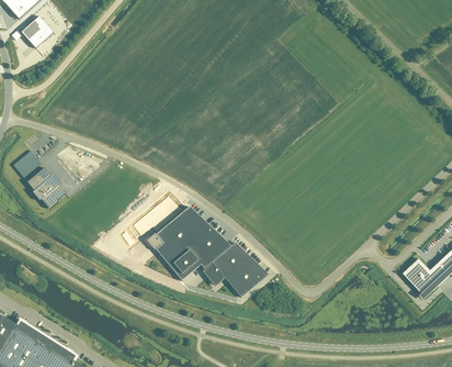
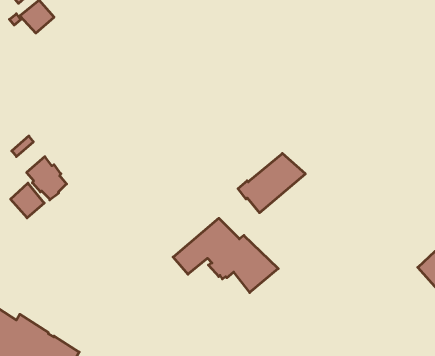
building: none -> [11,183,44,218]
building: [146,205,211,263] -> [238,153,305,213]

